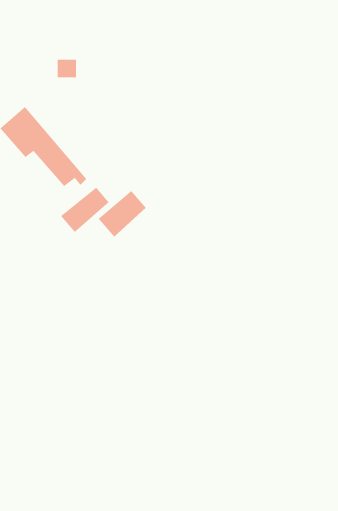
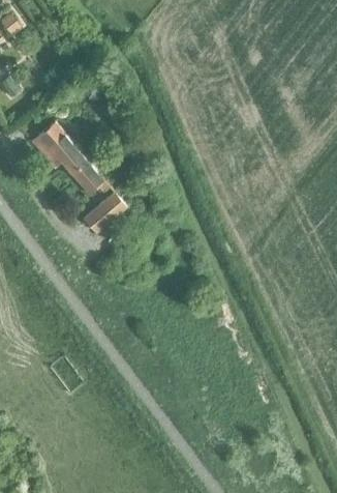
building: [98,190,146,238] -> none

